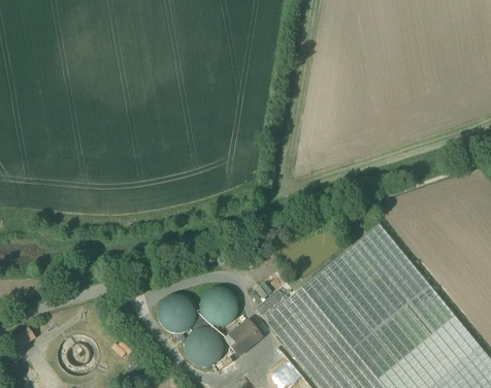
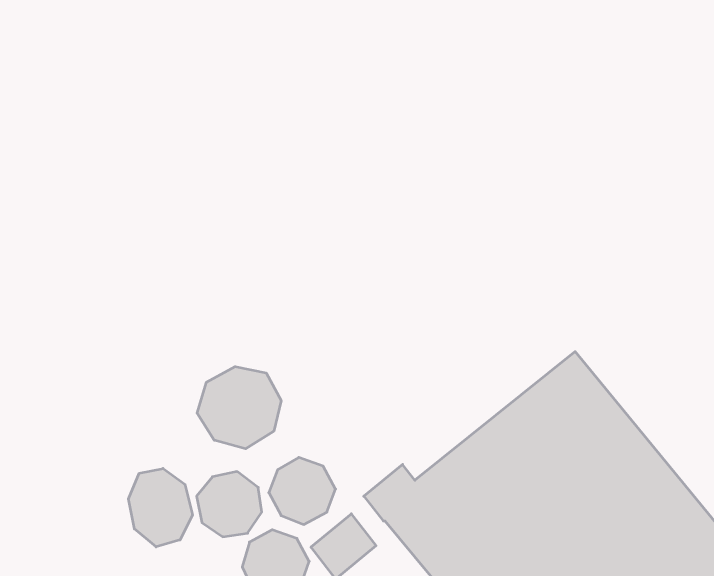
building: none -> [197,367,281,449]
building: none -> [128,468,192,547]

